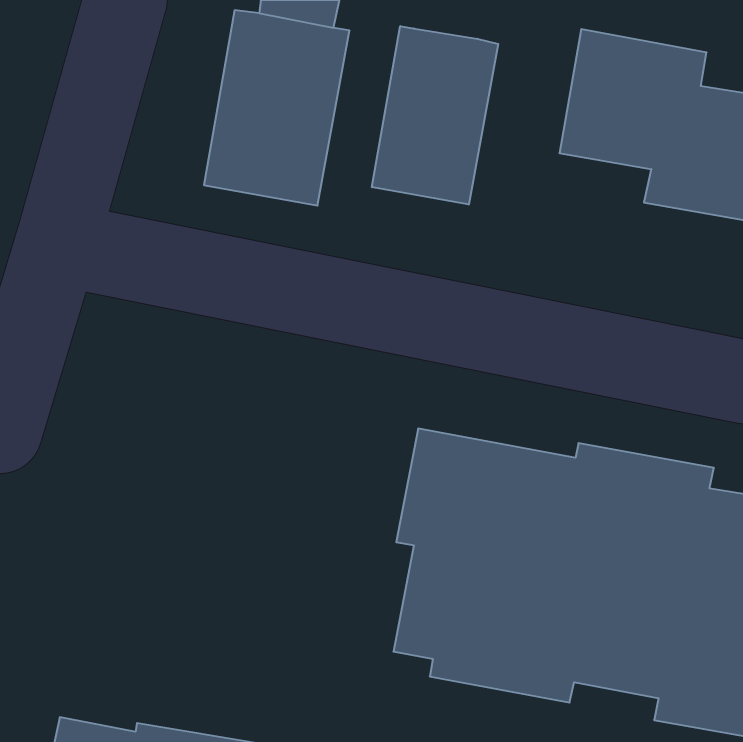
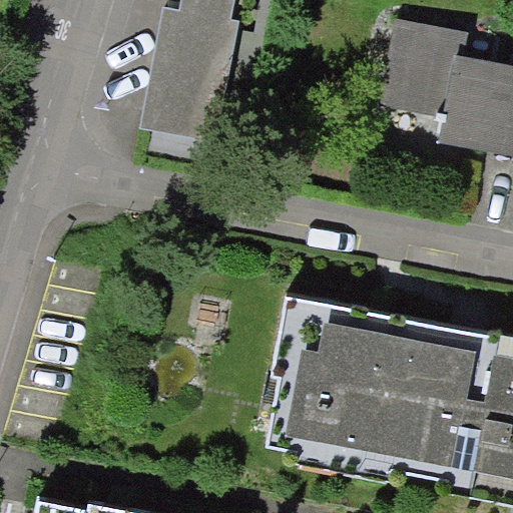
building: [372,26,498,205] -> none

